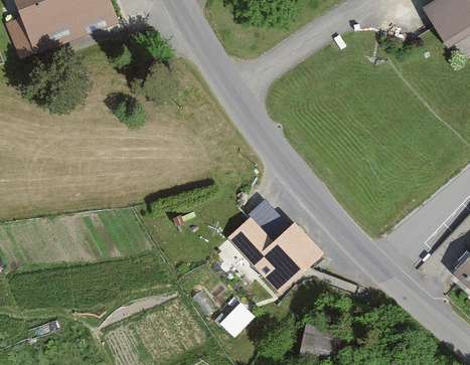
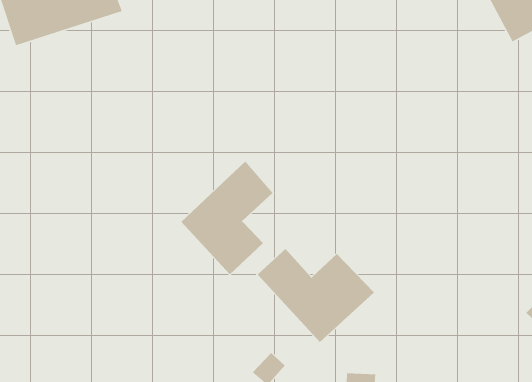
building: none -> [180,161,274,275]

